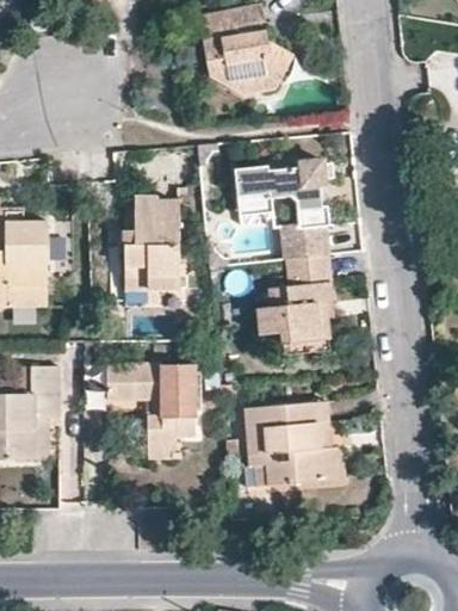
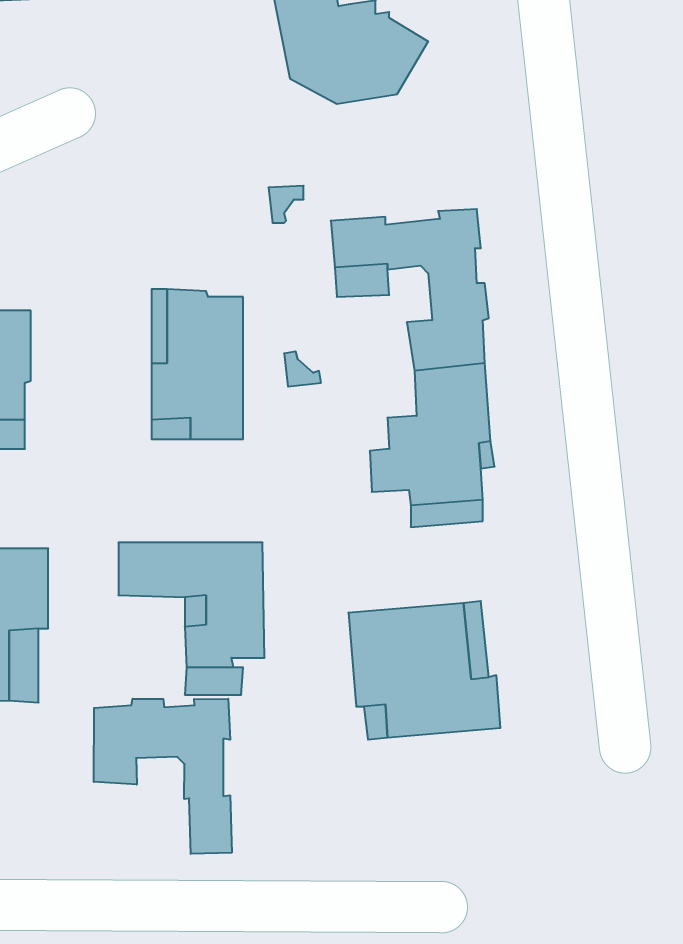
building: none -> [94,699,232,854]

